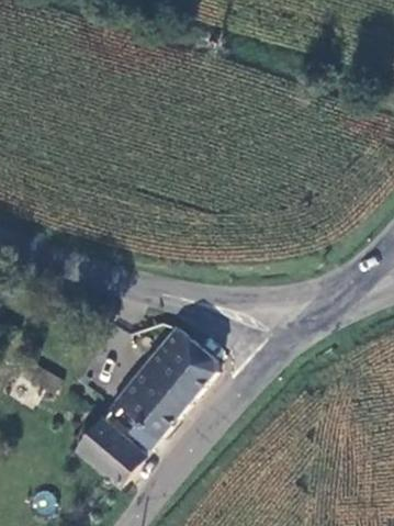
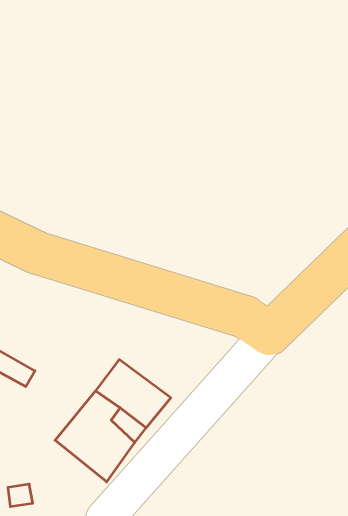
building: [138,334,215,405] -> none

